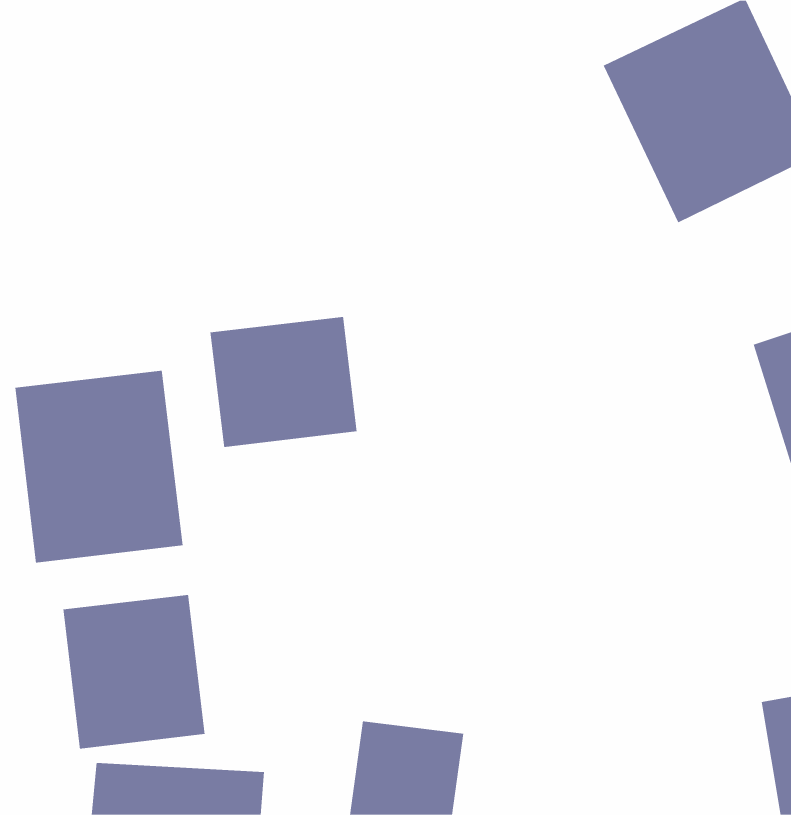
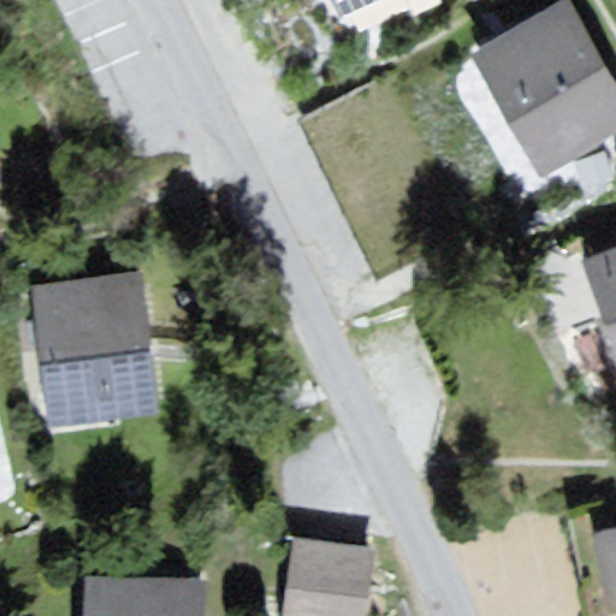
building: [210,316,357,448] -> none
building: [63,594,205,749] -> none

